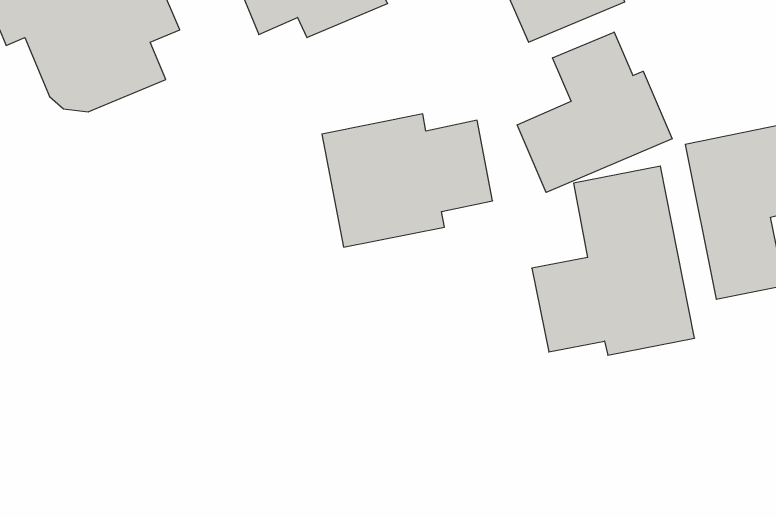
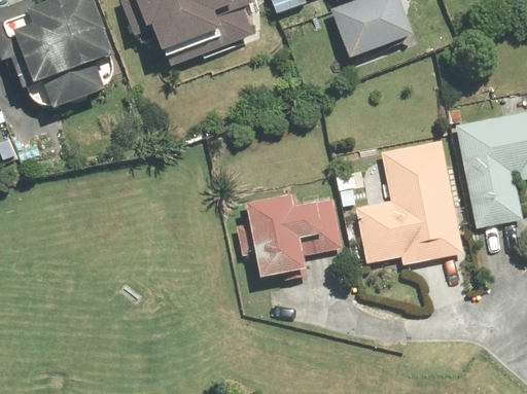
building: [517,32,672,192] -> none
building: [322,114,493,247] -> [230,190,343,279]

